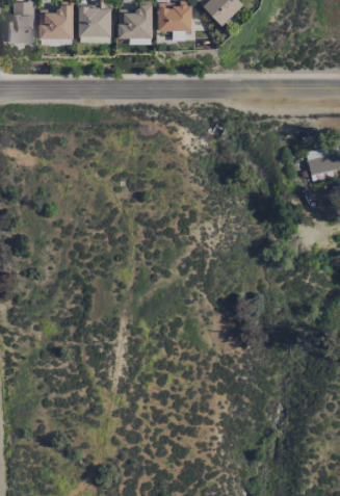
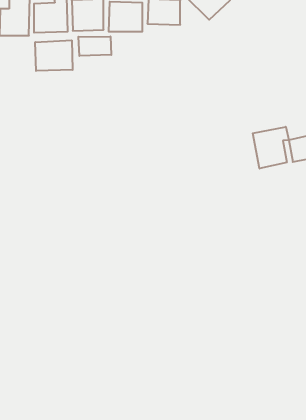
building: none -> [78,36,111,56]
building: none -> [35,40,73,71]
building: none -> [253,127,289,169]

